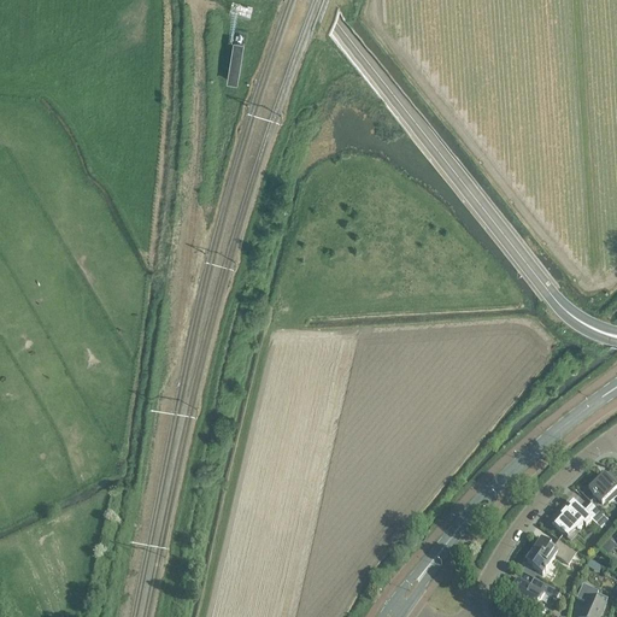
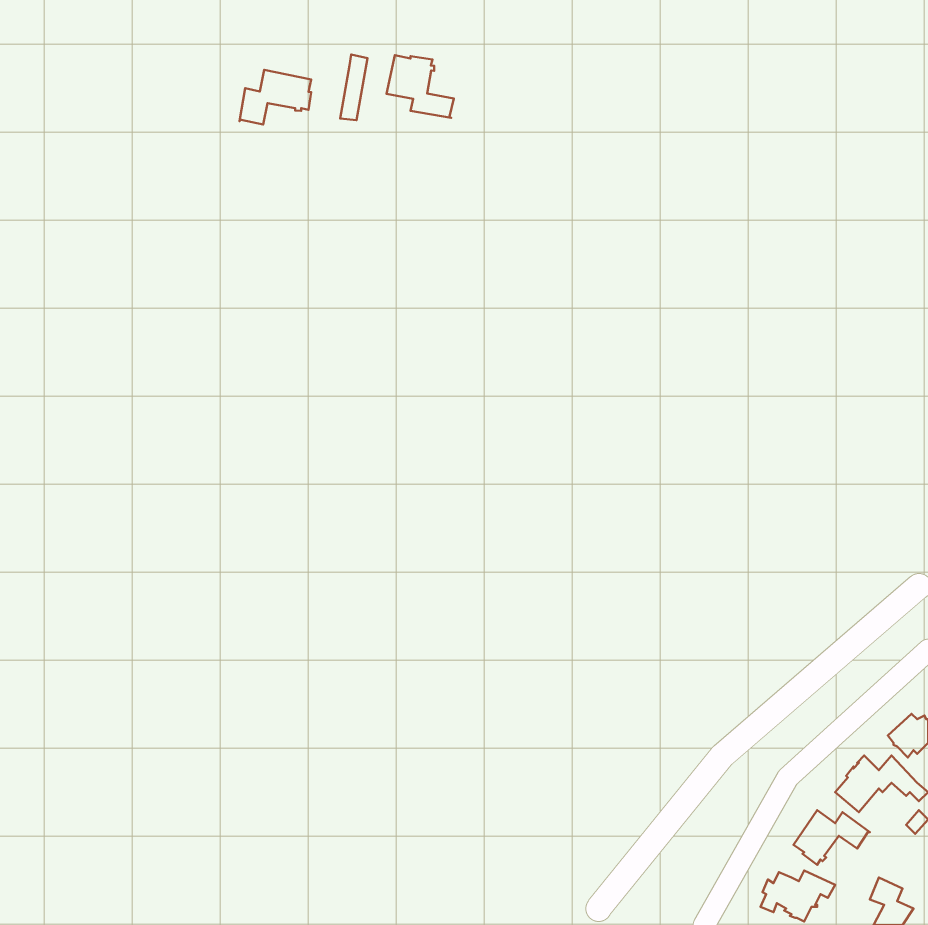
building: none -> [386,55,454,118]
building: none -> [240,70,311,125]

